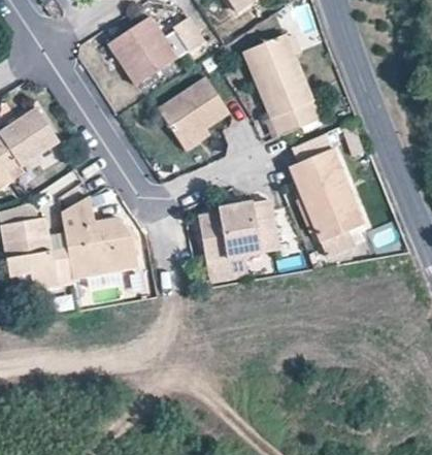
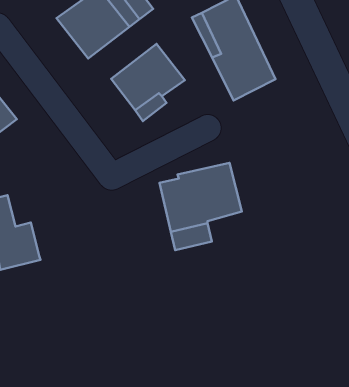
building: [288,147,363,256] -> none
building: [61,194,138,279] -> none

